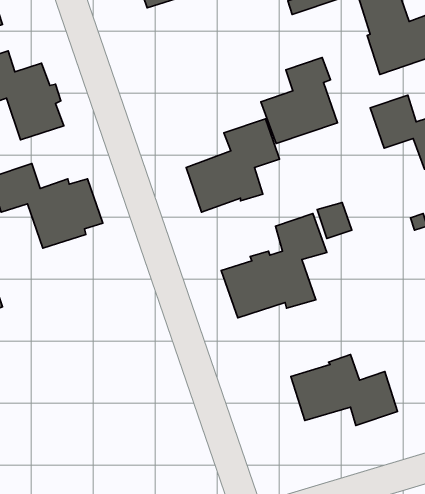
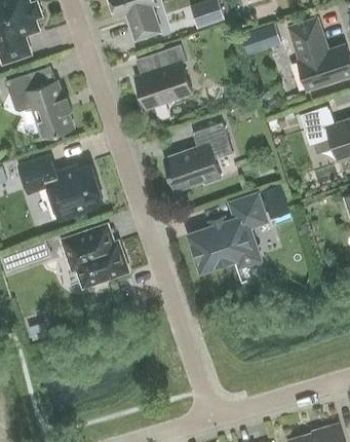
building: [261,57,337,144] -> [135,45,192,109]
building: none -> [64,232,127,287]
building: [291,354,398,425] -> none

